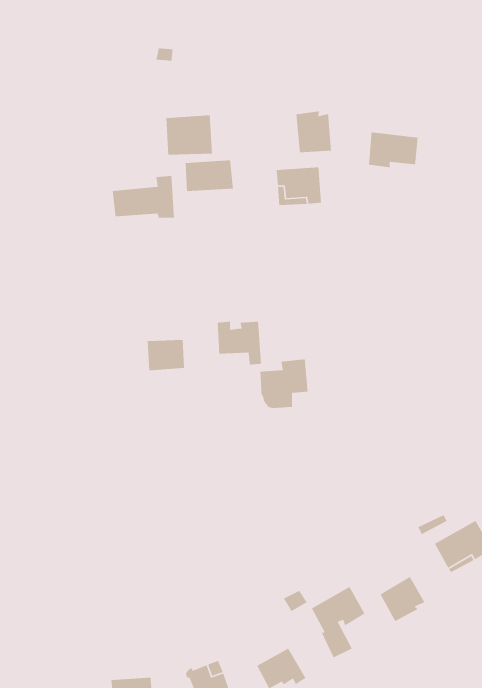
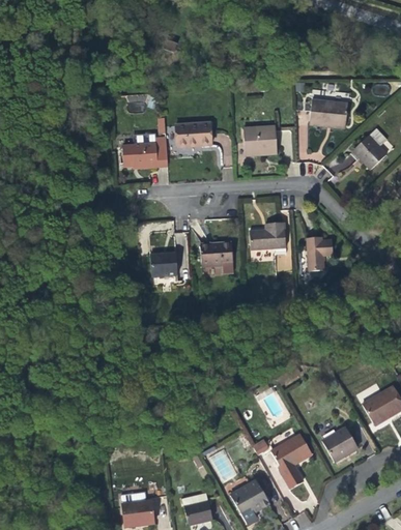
building: [295,111,332,153] -> none
building: [165,115,213,155] -> none
building: none -> [354,128,390,171]
building: none -> [309,237,336,271]
building: [259,358,308,409] -> [251,220,287,258]

